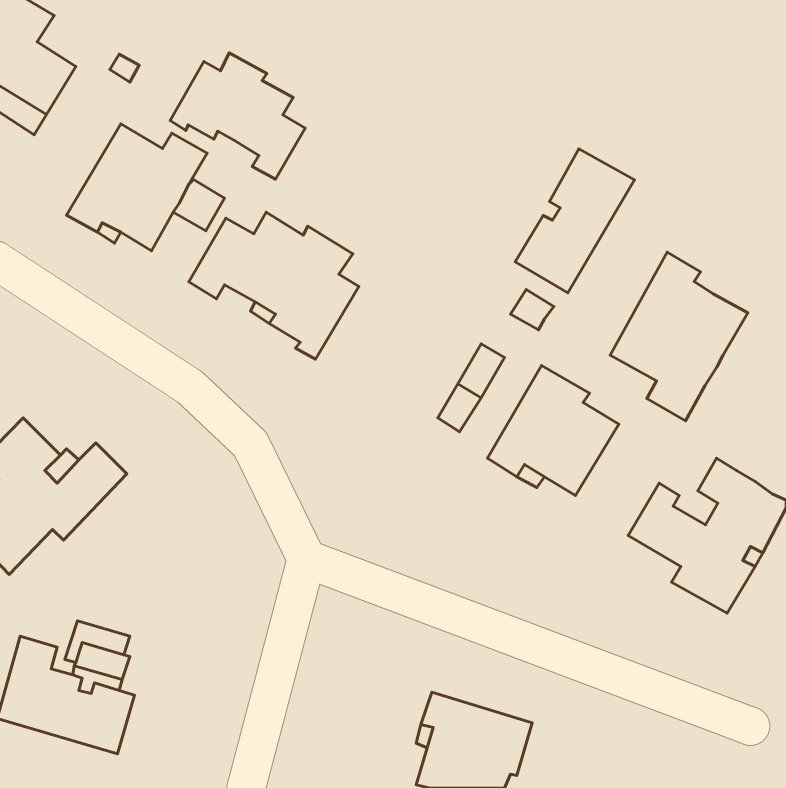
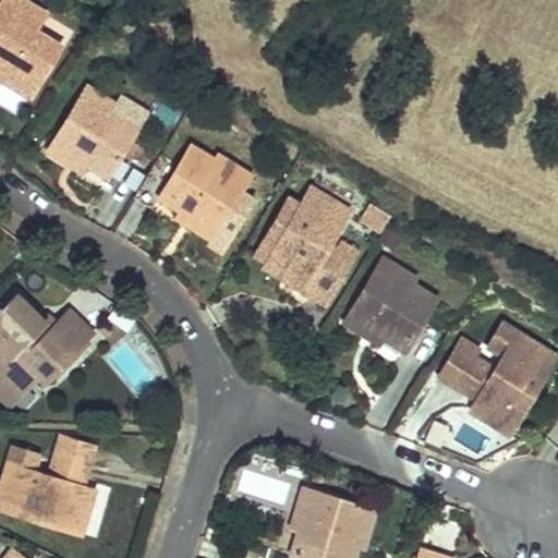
building: [170,53,305,179] -> none
building: [515,149,634,293] -> [264,189,348,290]
building: [610,252,748,421] -> none

